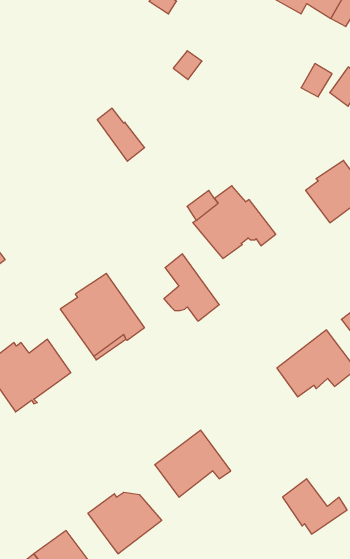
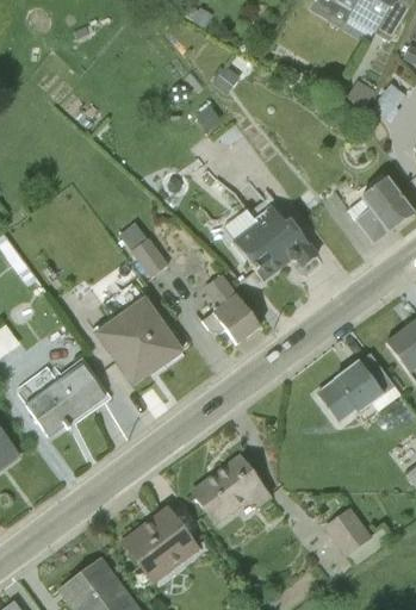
building: [97,108,145,161] -> [119,223,168,278]

